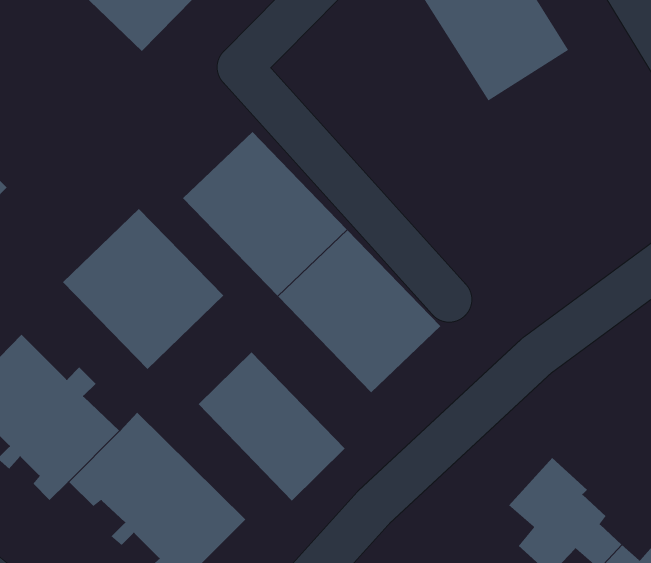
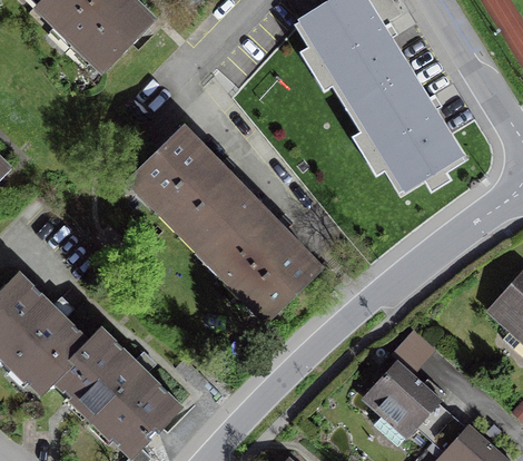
building: none -> [352,70,463,192]
building: [62,208,224,370] -> none
building: [198,351,346,501] -> none

